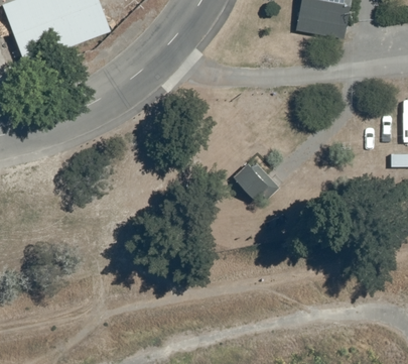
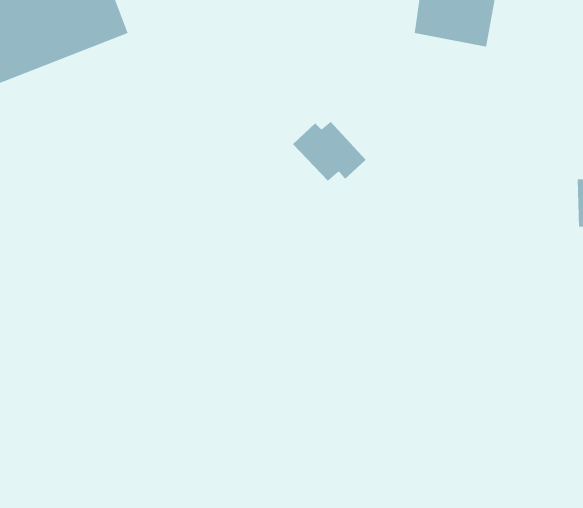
building: [232,161,280,201] -> [292,121,366,182]

